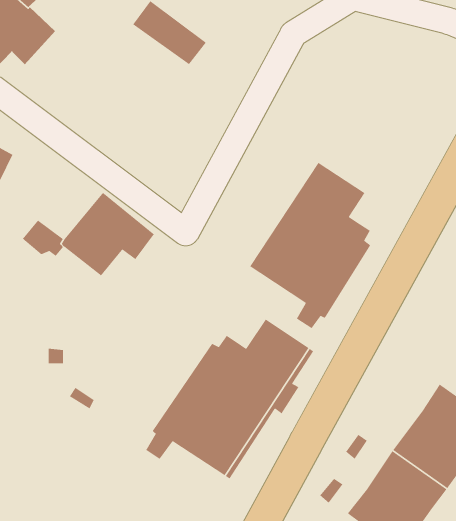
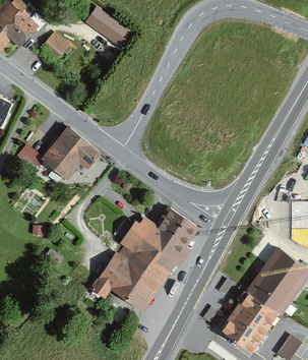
building: none -> [41,32,67,59]
building: [249,162,371,329] -> none

